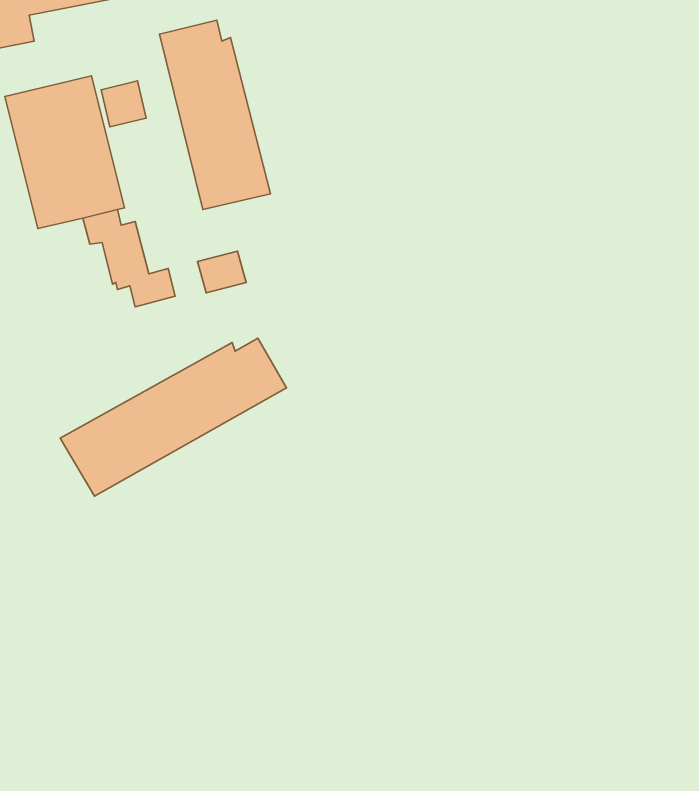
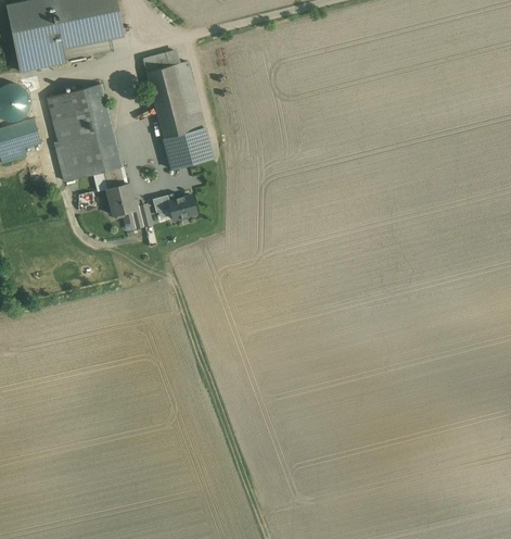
building: [101,81,146,127] -> none
building: [60,338,286,496] -> none

